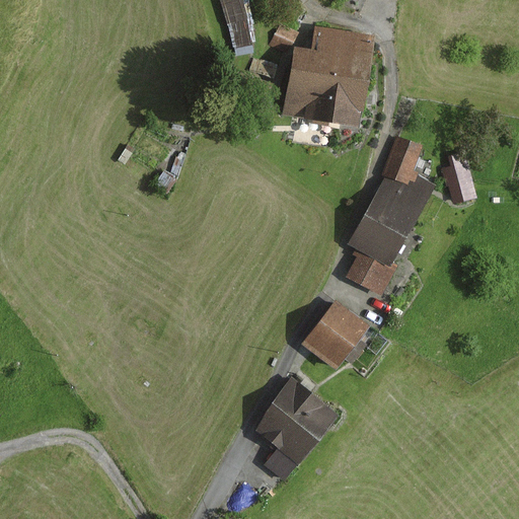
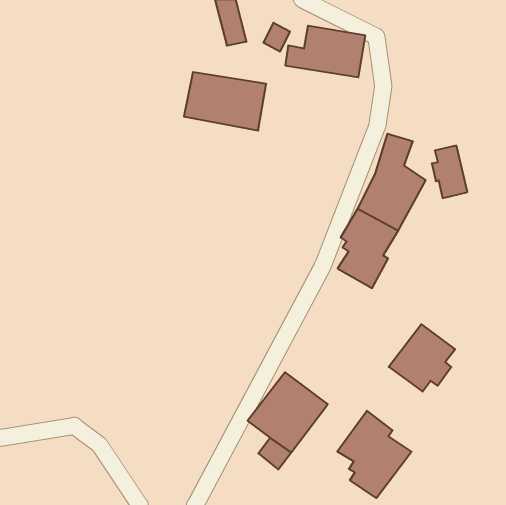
building: [283,67,367,127] -> [184,72,266,131]
building: [302,300,370,369] -> [389,324,455,392]
building: none -> [337,411,412,498]

